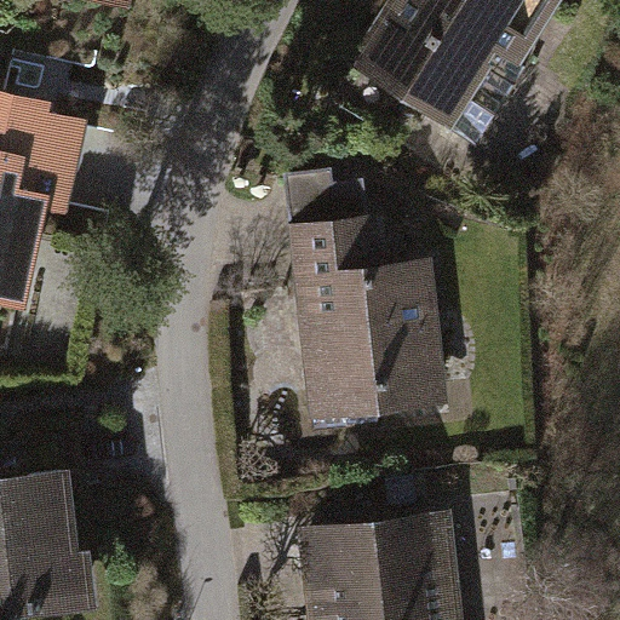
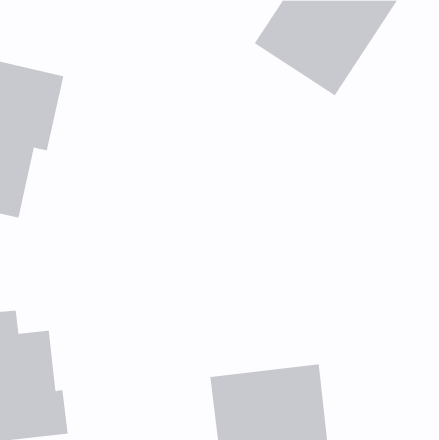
building: [277,168,444,420] -> none

